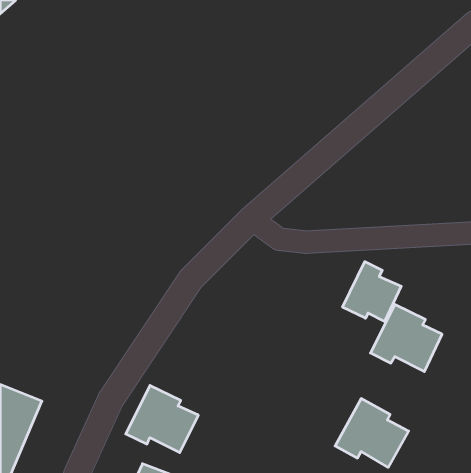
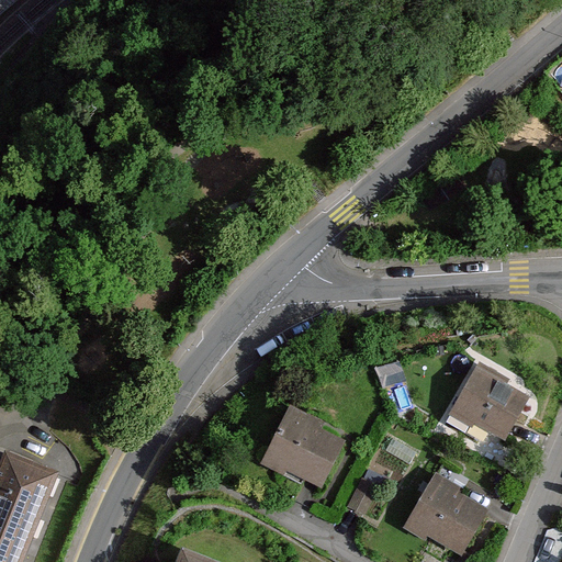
building: [343,262,401,322] -> none
building: [126,385,198,453] -> [257,405,342,484]

